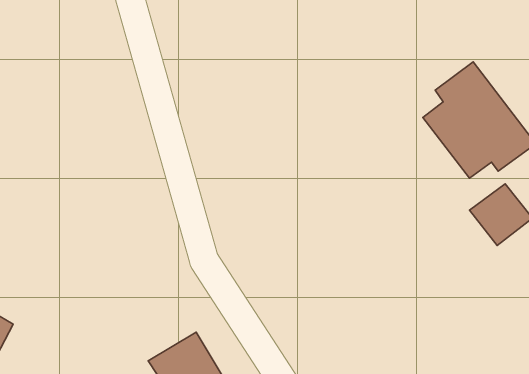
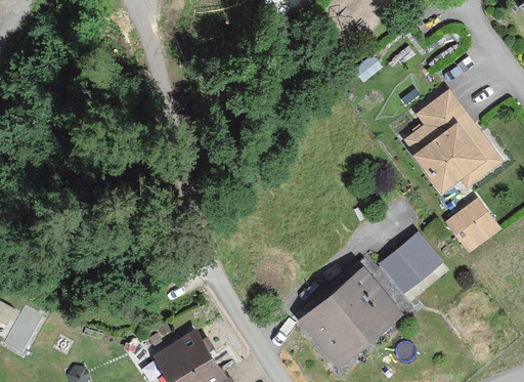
building: none -> [380,234,442,294]
building: none -> [305,272,393,357]

